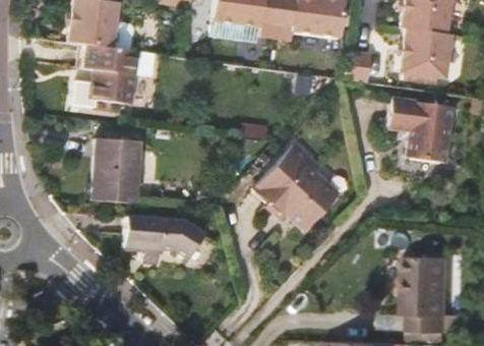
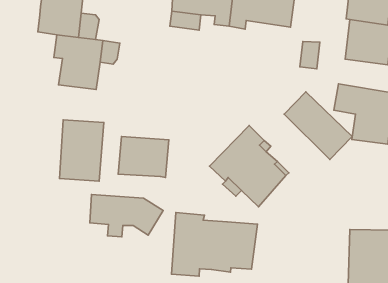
building: none -> [284,92,352,160]
building: none -> [118,137,169,178]
building: none -> [172,213,257,276]

